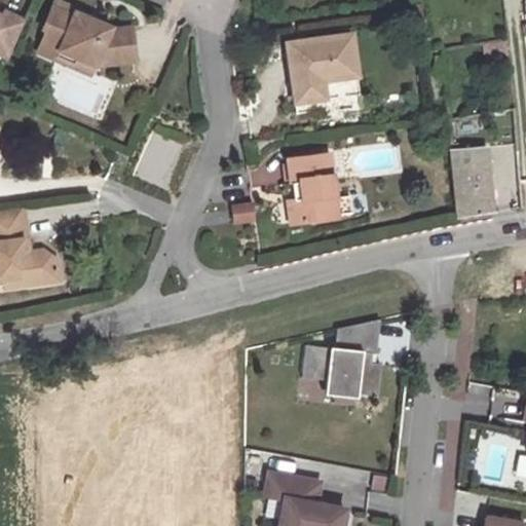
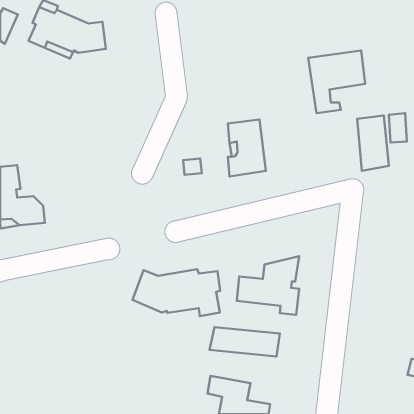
building: [287,33,359,112] -> [308,50,365,113]
building: none -> [133,269,220,316]
building: none -> [209,327,280,356]

